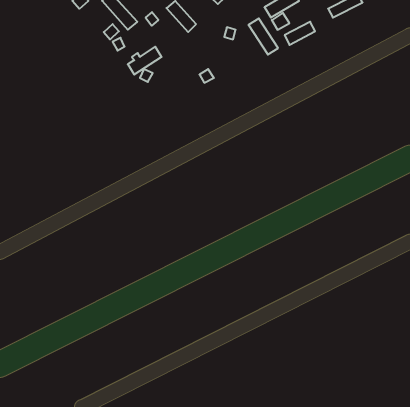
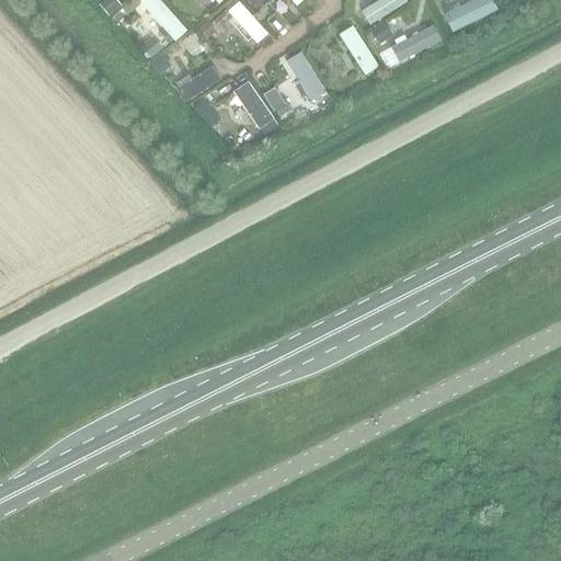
building: none -> [287,54,328,103]
building: none -> [233,81,274,129]

